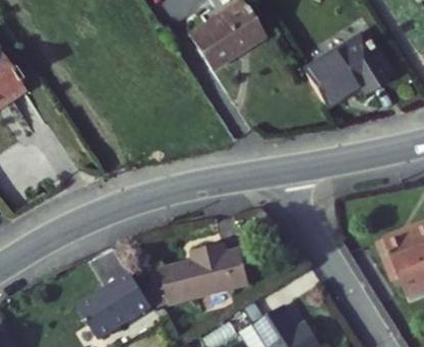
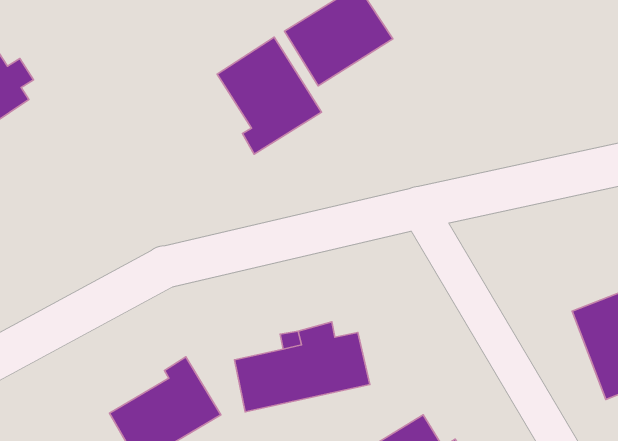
building: [307,45,393,119] -> none
building: none -> [217,37,322,154]

